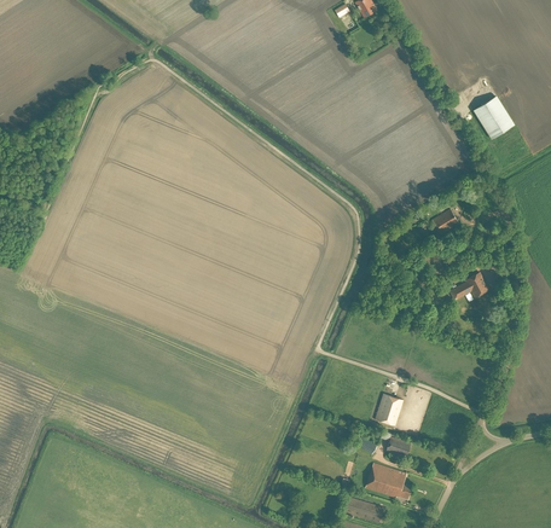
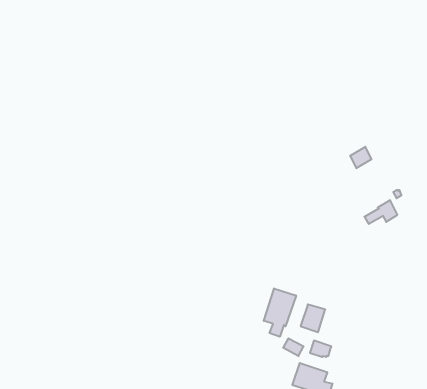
building: [474,97,514,139] -> none
building: none -> [264,288,296,337]

